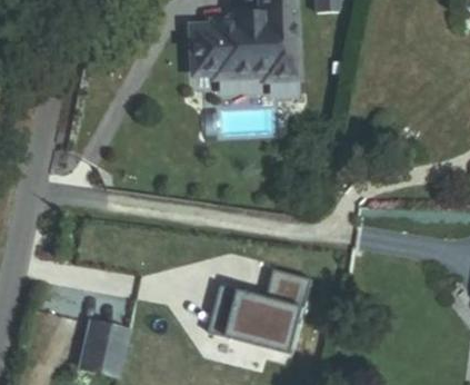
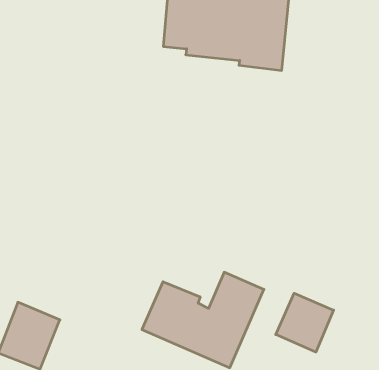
building: none -> [276,293,334,352]

